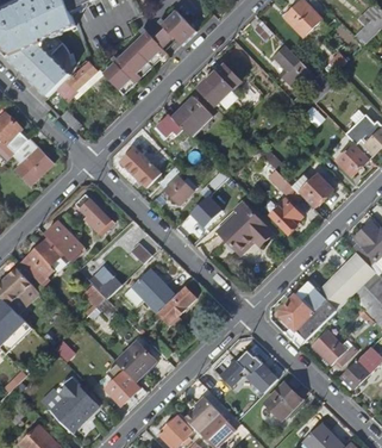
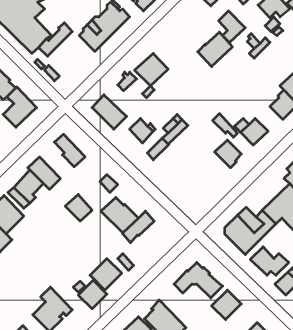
building: [199,64,240,106] -> [198,32,232,67]
building: [214,204,270,255] -> none

